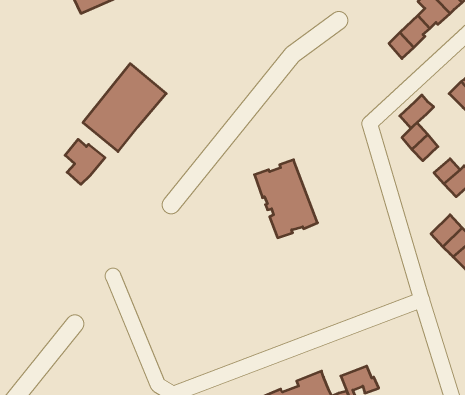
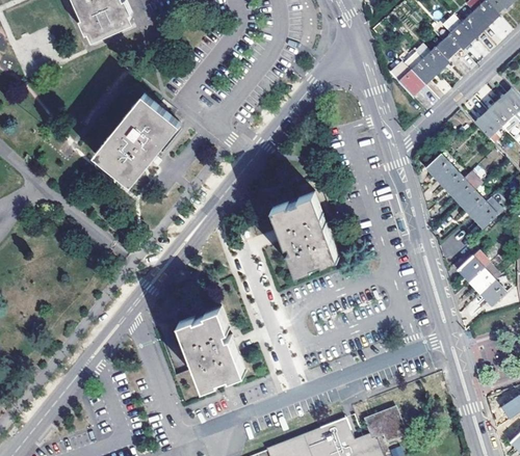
building: none -> [393,66,425,100]
building: [400,95,434,128] -> [447,172,483,207]
building: [65,139,105,184] -> none
building: none -> [178,307,244,388]

